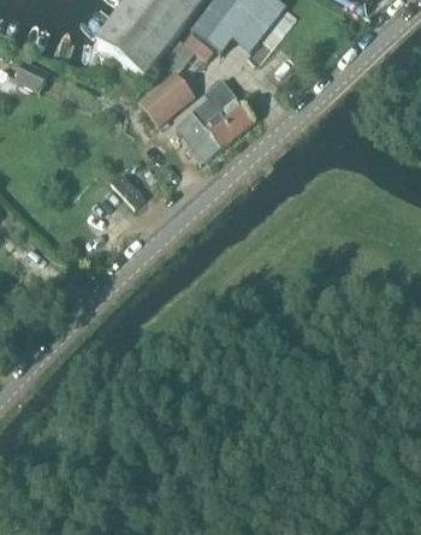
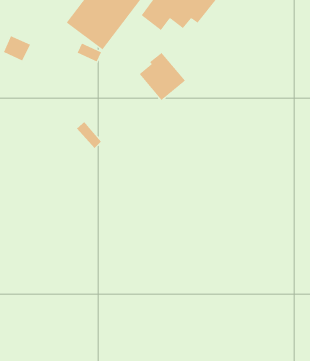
building: [136,71,191,123] -> none
building: [173,108,219,156] -> none

